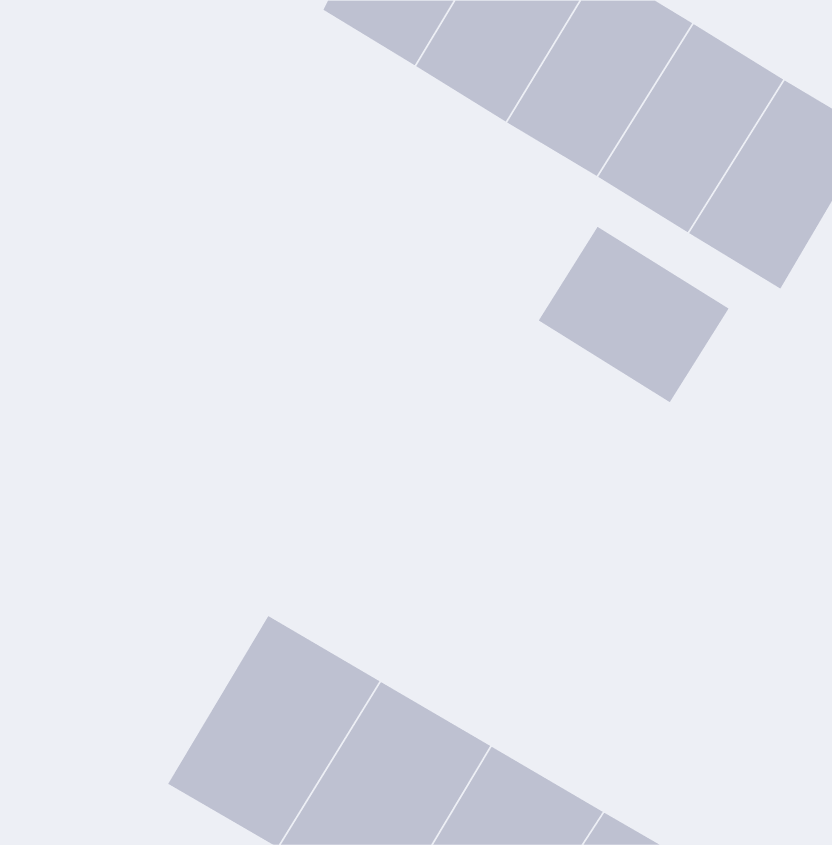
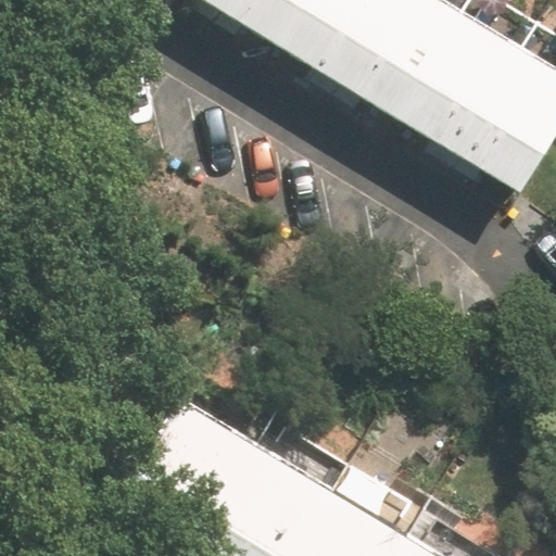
building: [538,226,730,403] -> none

